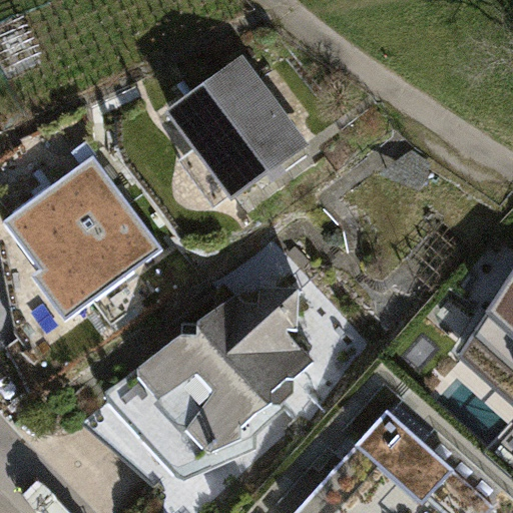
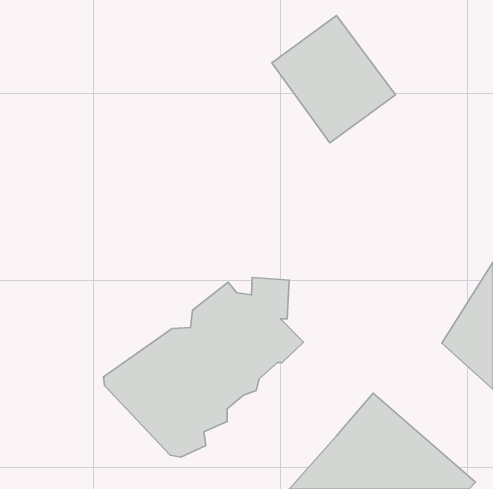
building: [173,59,302,191] -> [272,15,396,143]
building: [5,165,165,322] -> none

